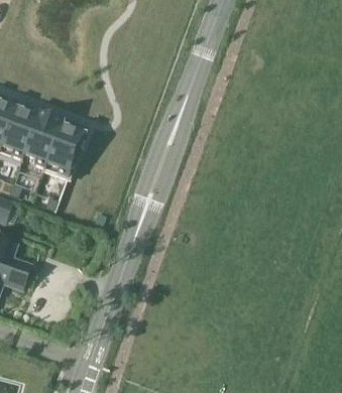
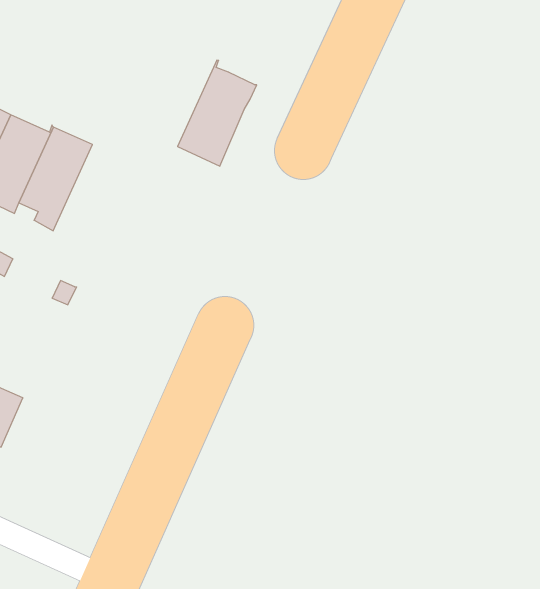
building: [44,118,86,176] -> [178,60,257,166]

